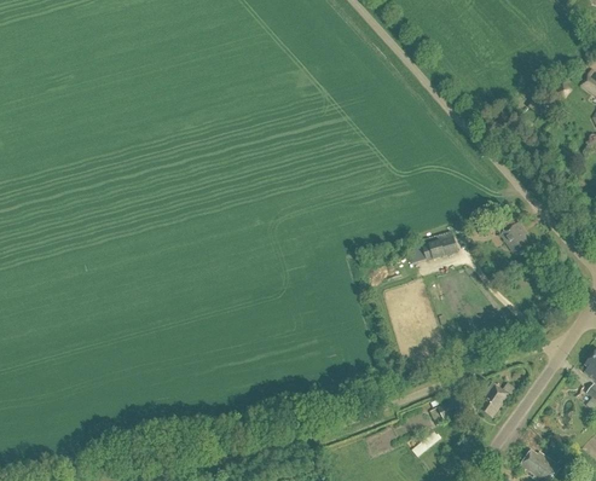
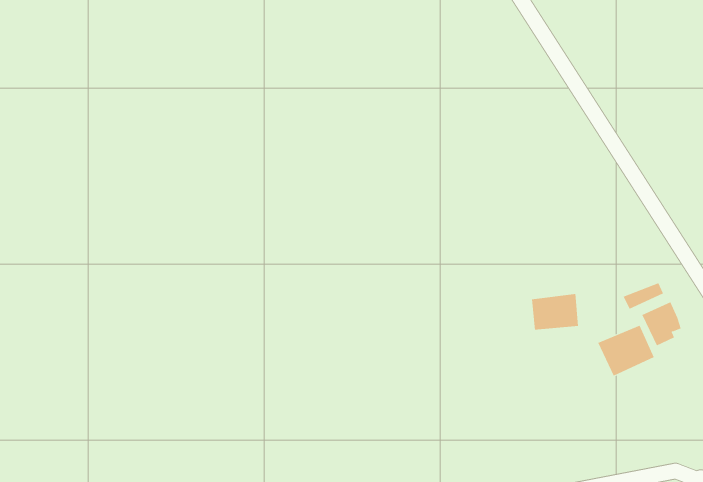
building: none -> [597,325,654,376]

